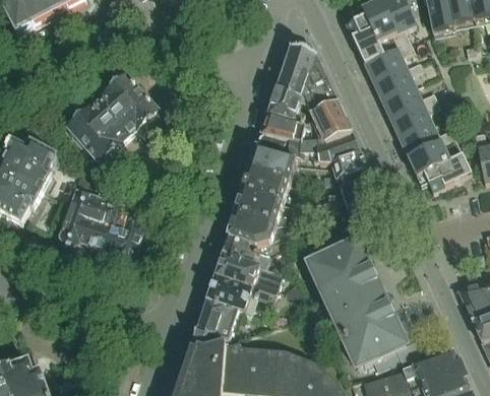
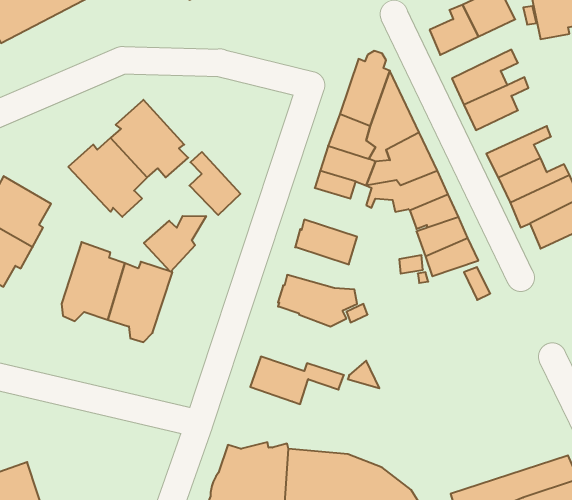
building: [354,15,416,61] -> none
building: [381,85,436,119] -> none
building: none -> [189,152,240,215]
building: [249,148,297,183] -> none
building: none -> [144,216,206,272]
building: [236,191,293,223] -> none
building: [216,237,283,289] -> none
building: [309,242,419,369] -> none
building: [192,299,240,346] -> none

